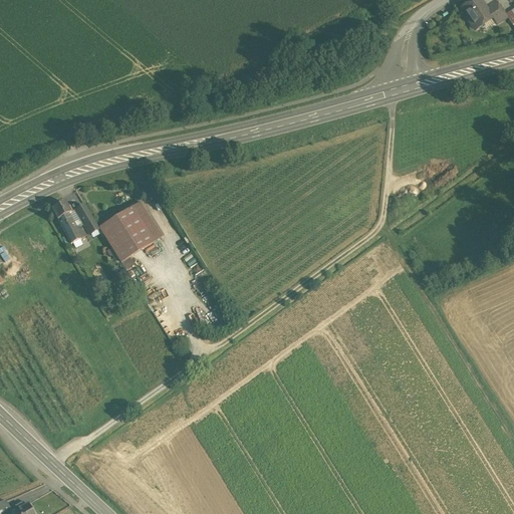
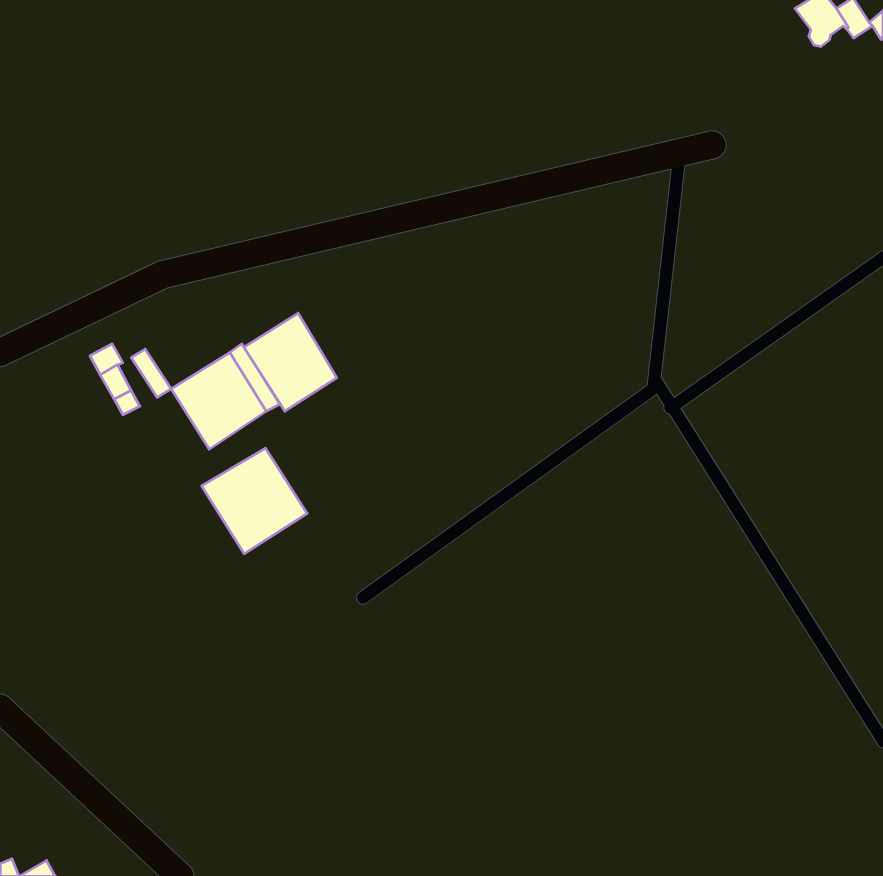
building: none -> [244,313,337,411]
building: none -> [202,448,307,554]

